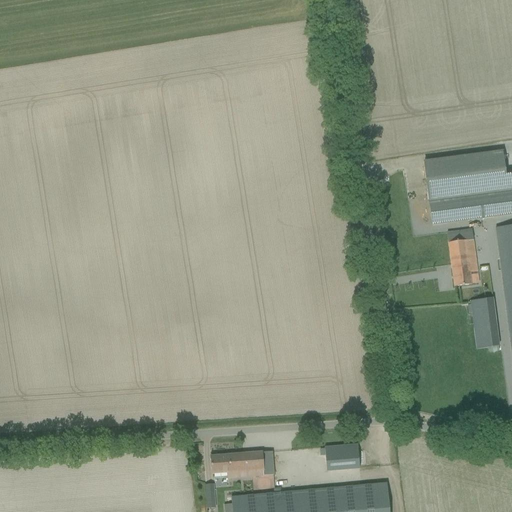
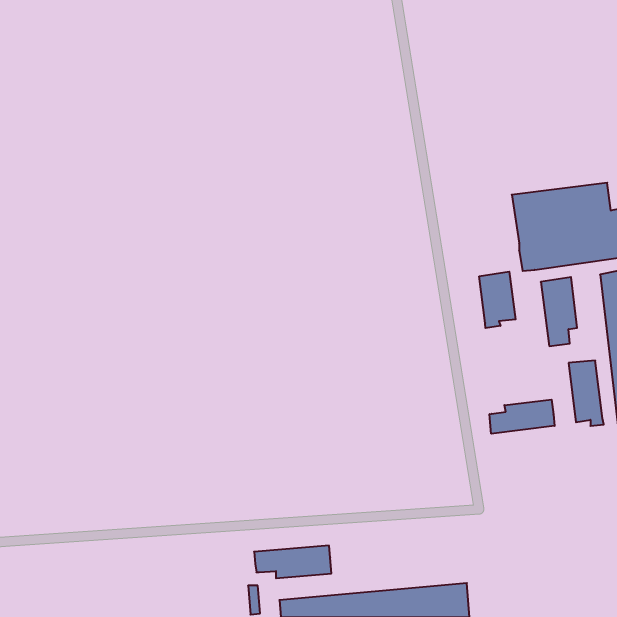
building: none -> [479,272,516,328]
building: none -> [490,400,555,434]
building: [325,444,360,471] -> none

